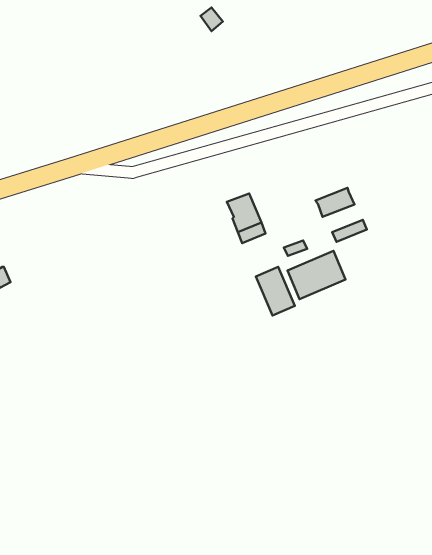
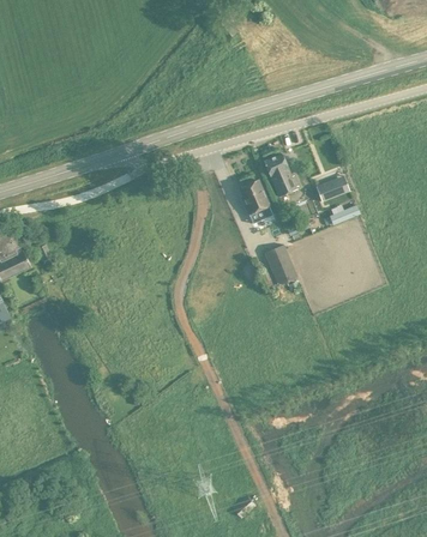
building: none -> [264,153,300,197]
building: [288,251,345,299] -> none

